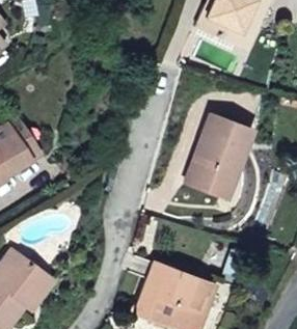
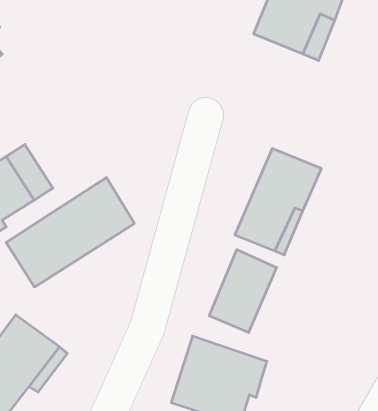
building: none -> [6,177,134,287]
building: none -> [209,250,277,333]

